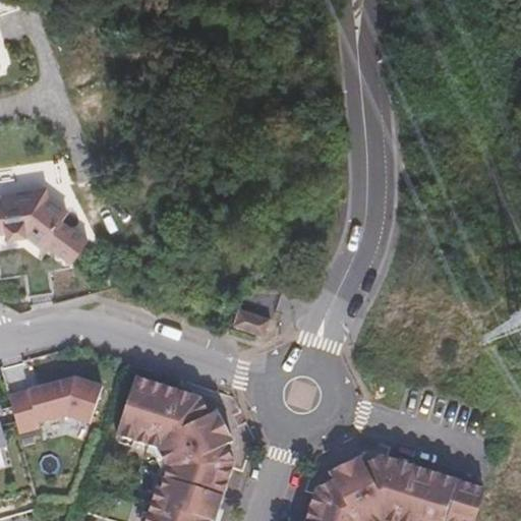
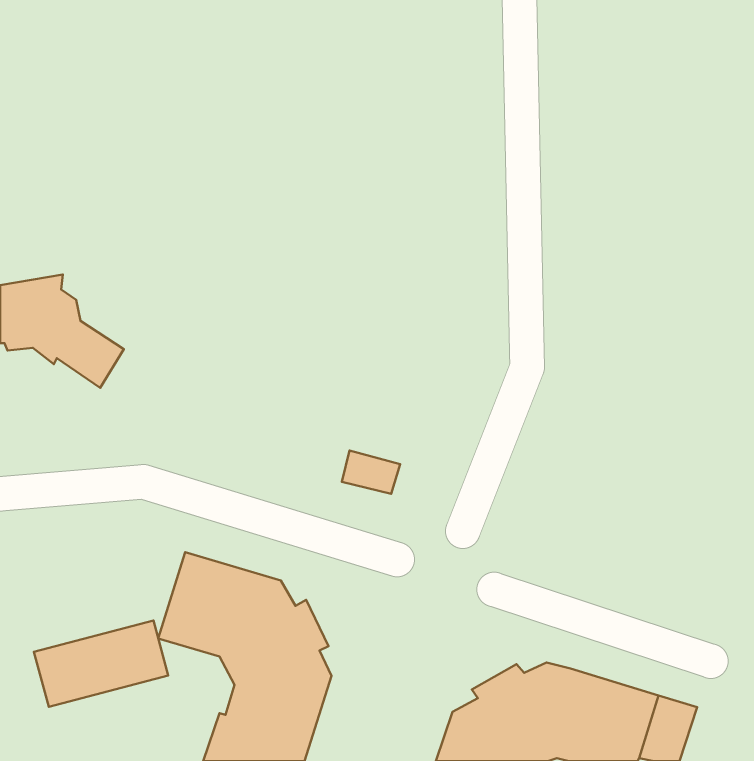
building: [14,377,106,436] -> [34,620,168,707]

